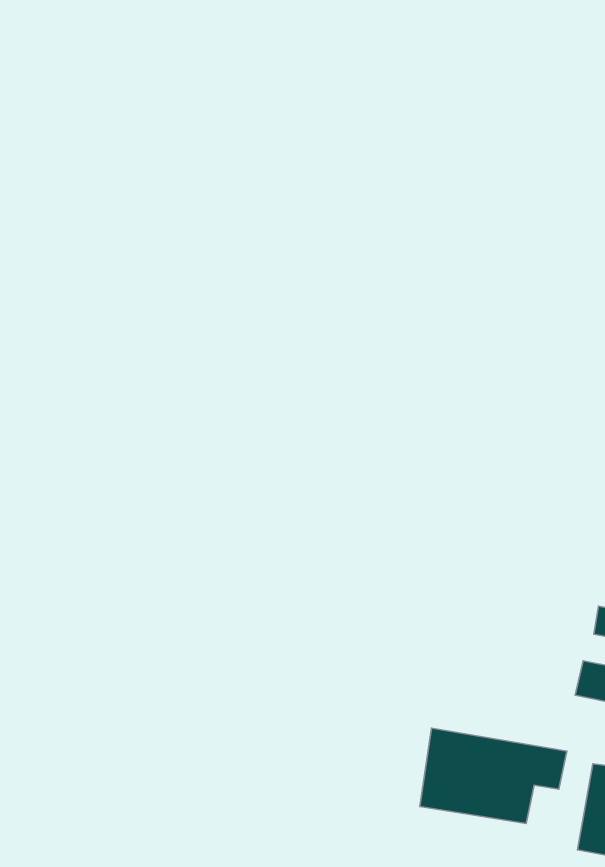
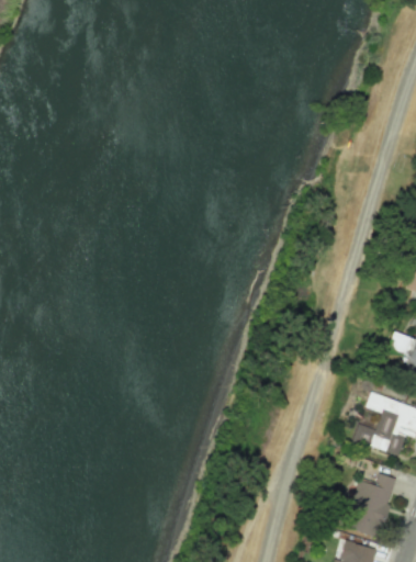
building: [420,728,567,823] -> none

